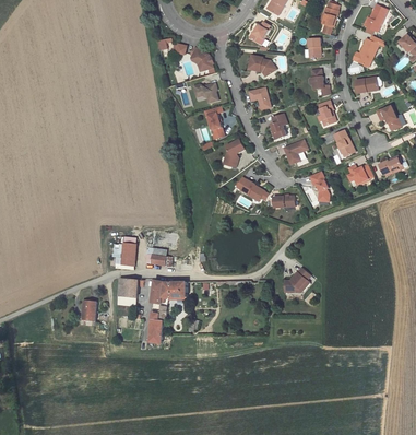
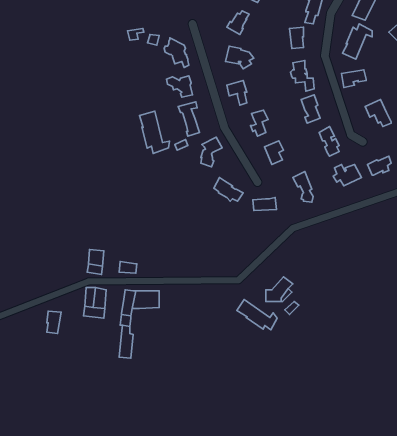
building: none -> [140,111,170,153]
building: none -> [237,300,277,330]

